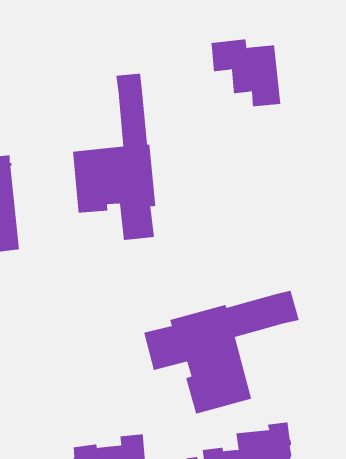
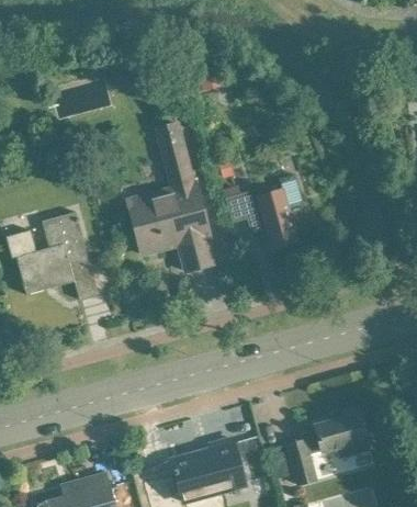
building: [211,39,281,107] -> [226,188,297,247]
building: [143,290,300,415] -> none

